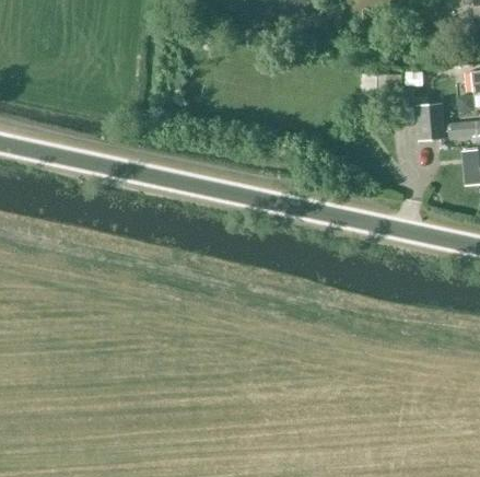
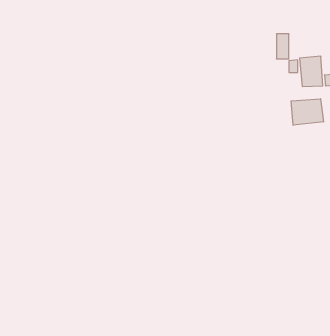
building: none -> [291,99,323,125]

